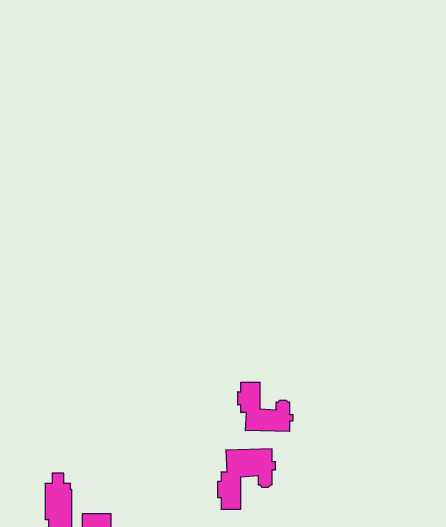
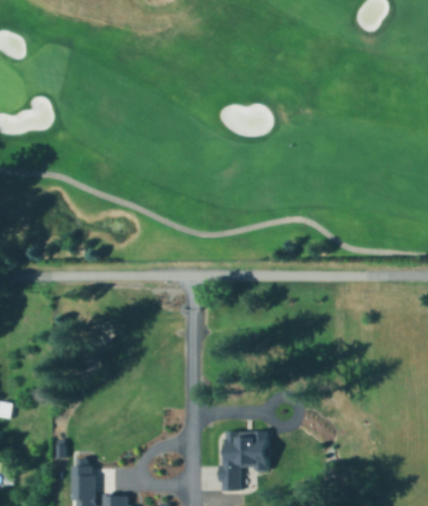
building: [238,382,293,431] -> none

